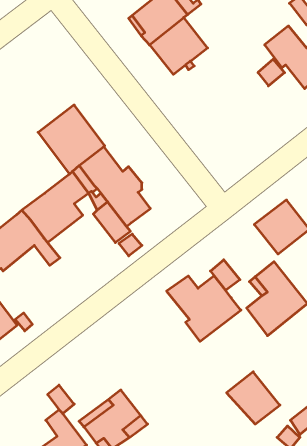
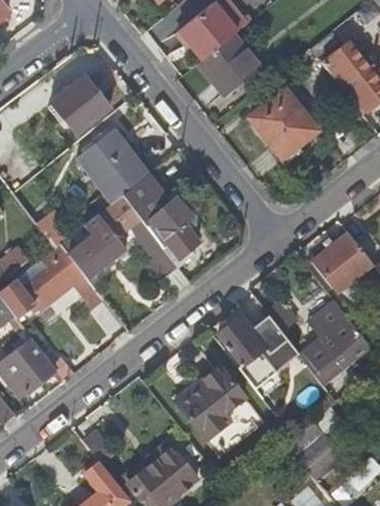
building: none -> [51,76,109,133]
building: none -> [250,87,320,158]
building: none -> [179,364,244,437]

